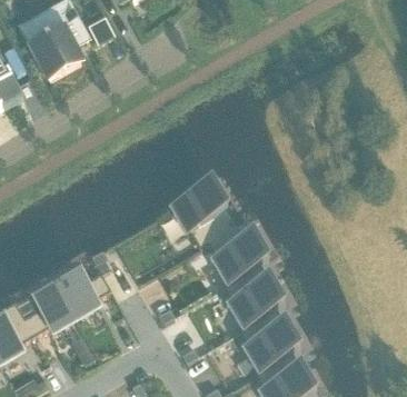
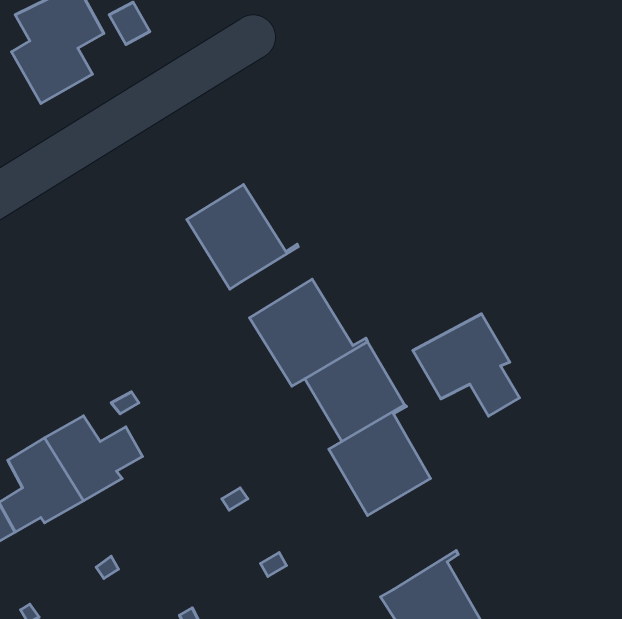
building: none -> [187,185,298,289]
building: none -> [413,314,519,416]
building: [238,304,299,370] -> none

